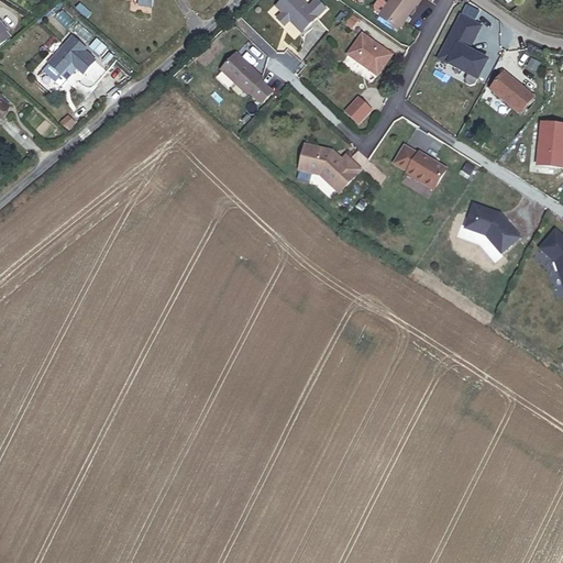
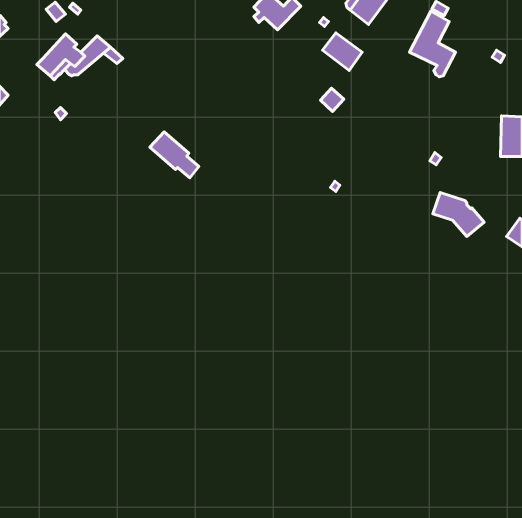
building: [217,56,269,106] -> [150,132,199,178]
building: [488,67,533,111] -> none
building: [297,141,358,190] -> none
building: [394,141,445,185] -> none

